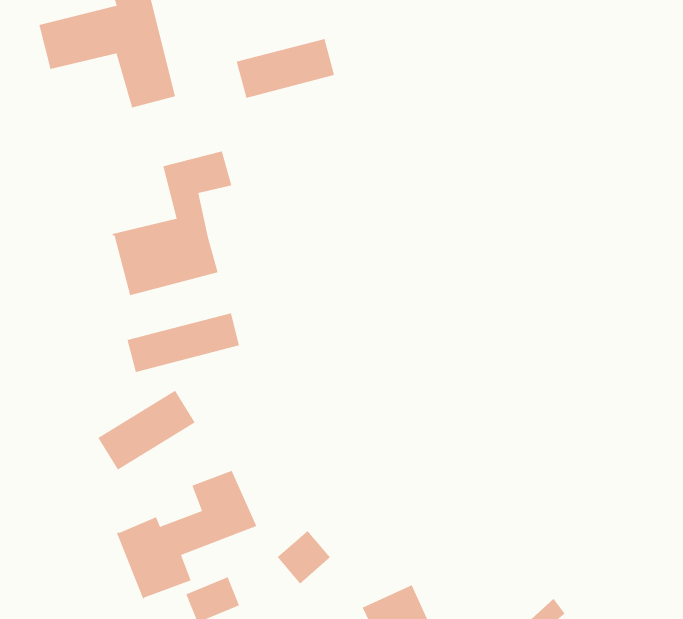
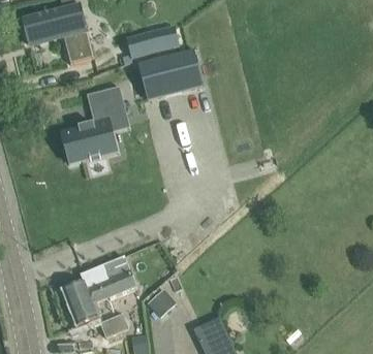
building: none -> [137,49,203,99]
building: [127,312,240,373] -> none
building: [97,390,195,471] -> none

